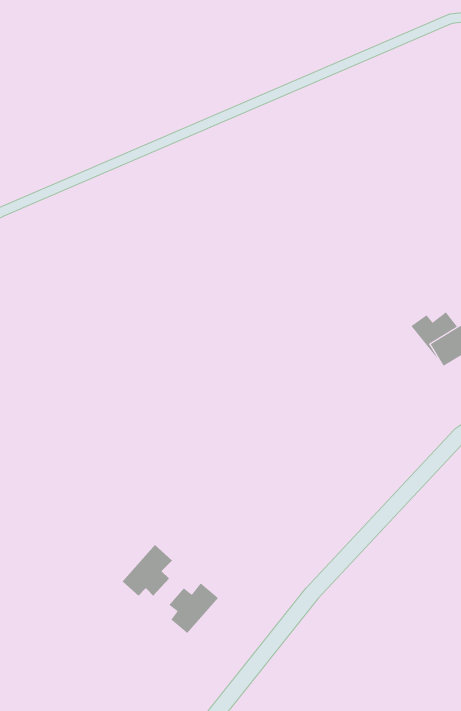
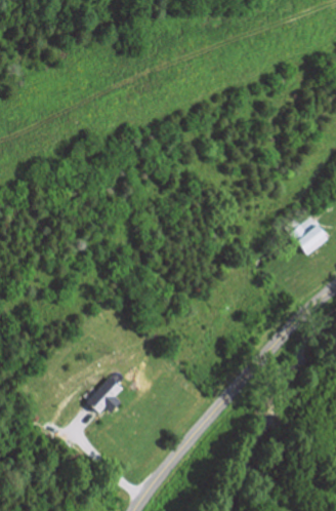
building: [169,582,219,634] -> none

